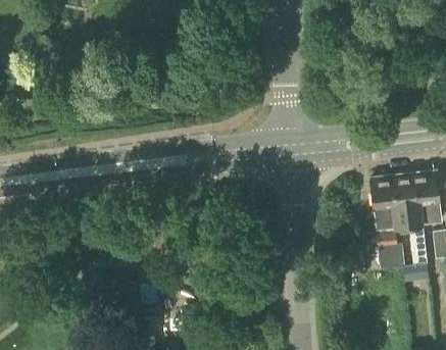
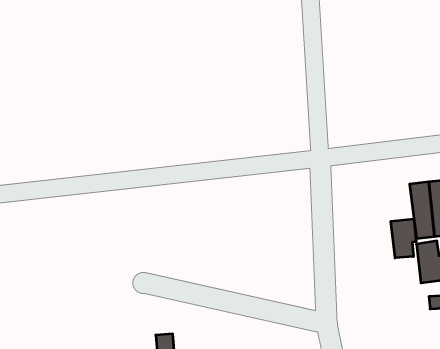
building: none -> [391,219,416,258]

